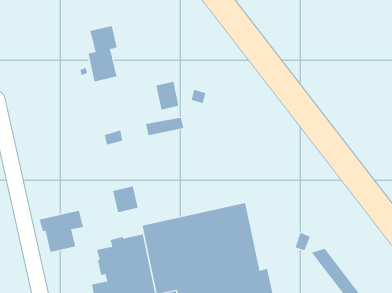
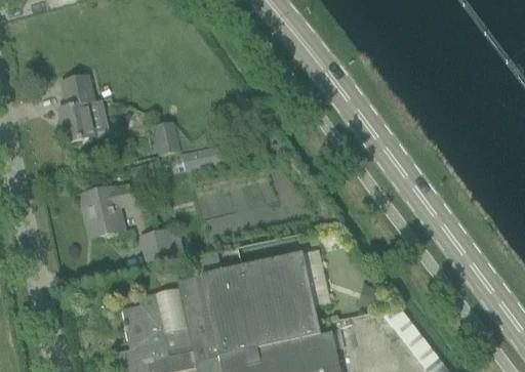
building: [88,26,117,82] -> [59,74,95,142]
building: [156,81,179,110] -> [155,123,184,158]
building: [39,210,84,252] -> [81,183,135,235]

